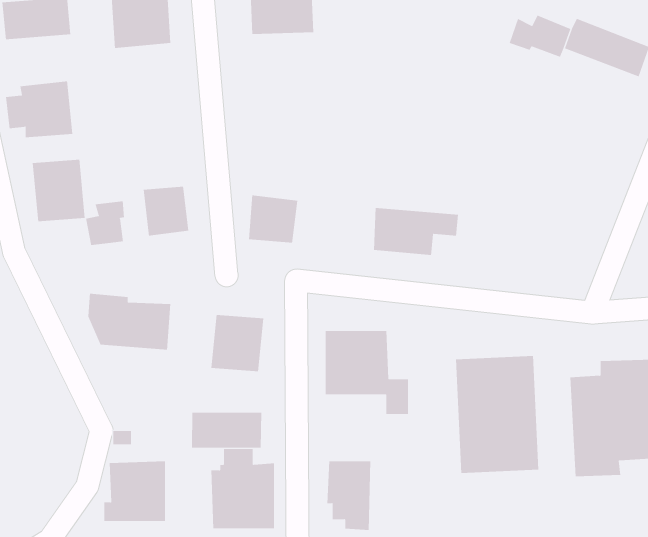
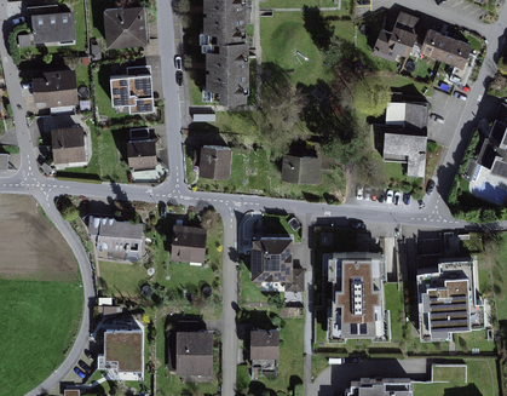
building: none -> [200,38,243,101]
building: none -> [116,74,149,108]
building: none -> [384,104,430,180]
building: [86,201,125,246] -> none
building: [191,412,262,448] -> none

